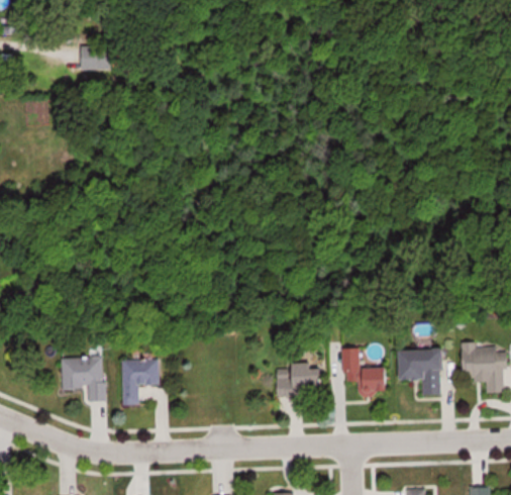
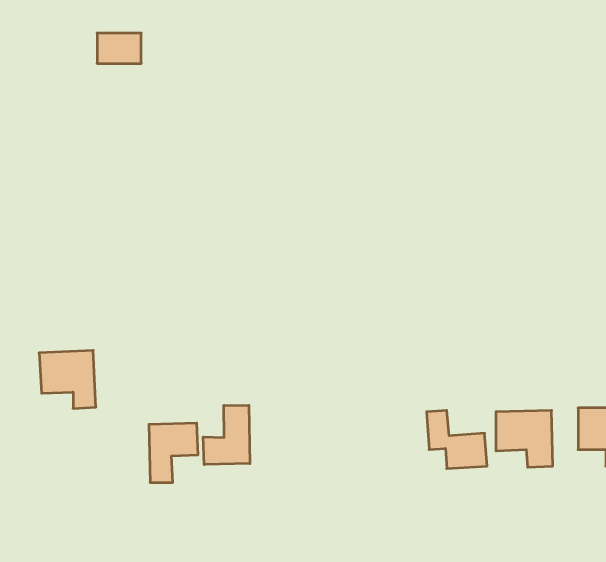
building: none -> [203,405,250,465]
building: [59,355,104,401] -> [39,350,96,408]
building: [278,363,322,394] -> none

